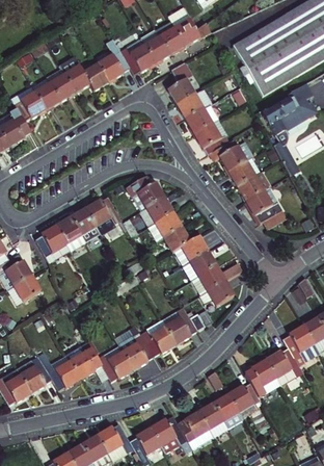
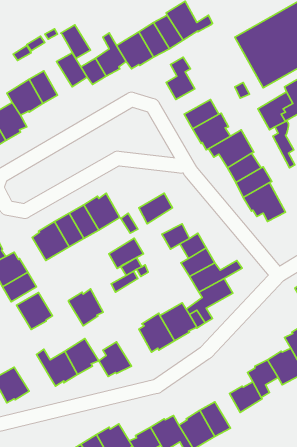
building: [47,67,76,100] -> [61,25,91,59]
building: [178,88,214,119] -> none
building: [129,177,166,211] -> none
building: [150,211,184,241] -> [109,238,144,269]
building: [119,331,154,367] -> [68,289,103,326]
building: [19,356,54,392] -> [17,293,52,329]
building: [216,394,246,429] -> none

